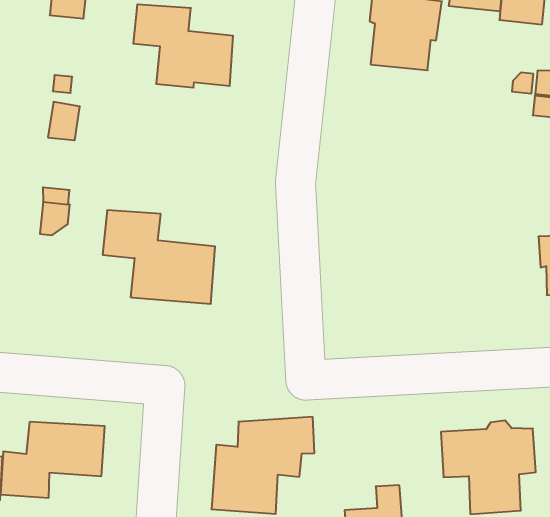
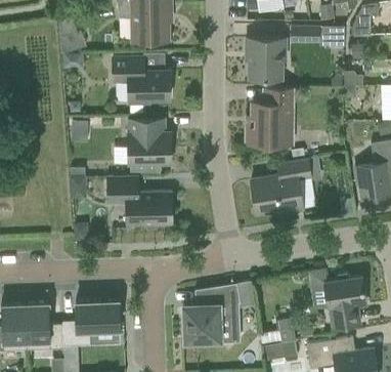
building: none -> [246,87,301,144]
building: none -> [128,119,171,164]
building: none -> [251,159,310,213]

